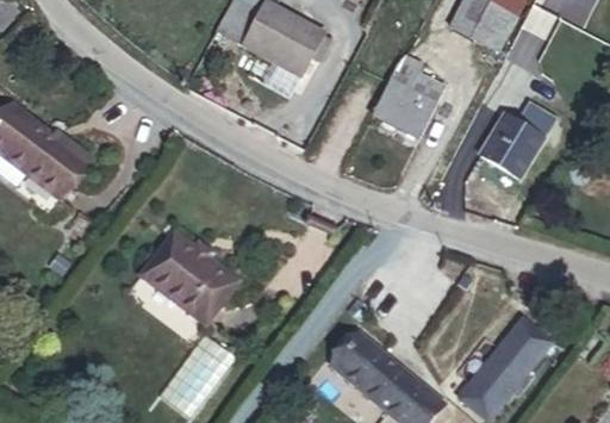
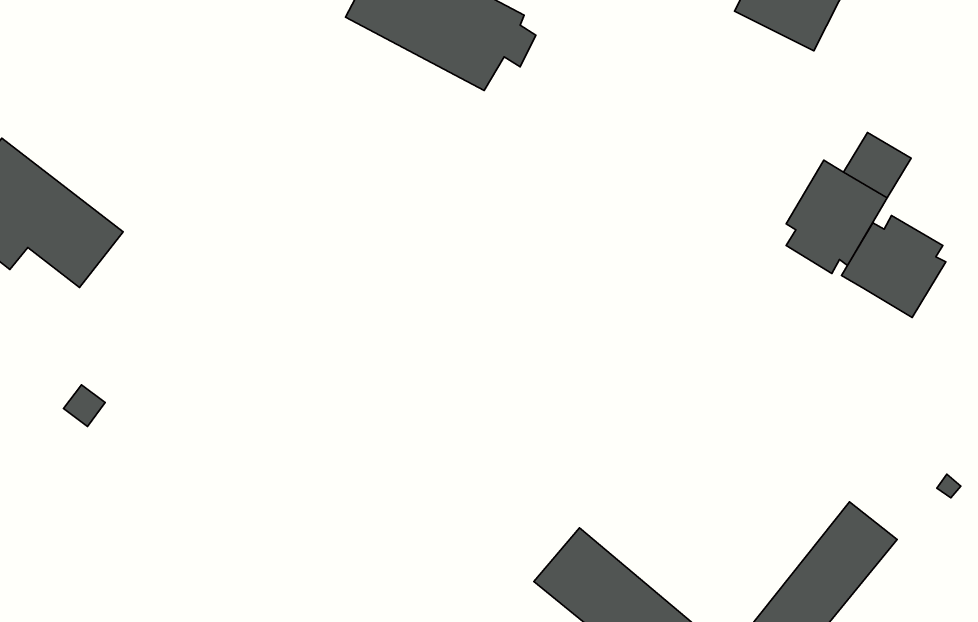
building: [374,54,444,137] -> none
building: none -> [842,216,946,318]
building: [136,231,238,323] -> none

